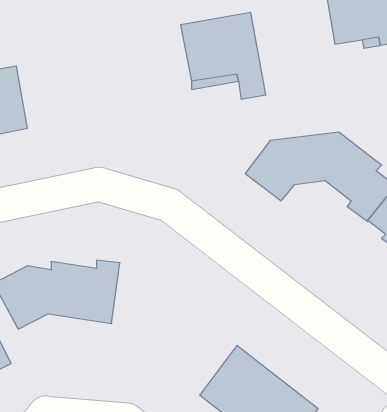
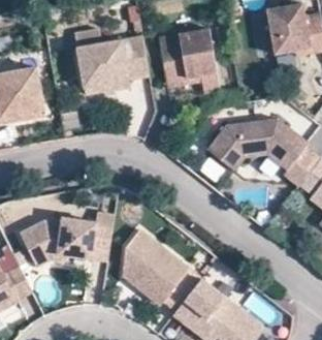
building: none -> [76,36,149,94]
building: none -> [121,229,200,311]

